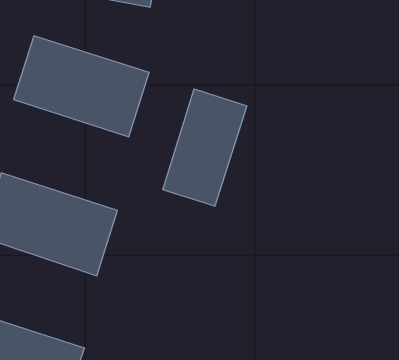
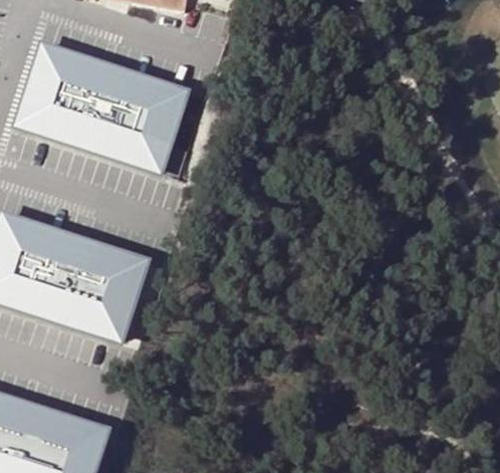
building: [163,89,247,206] -> none

